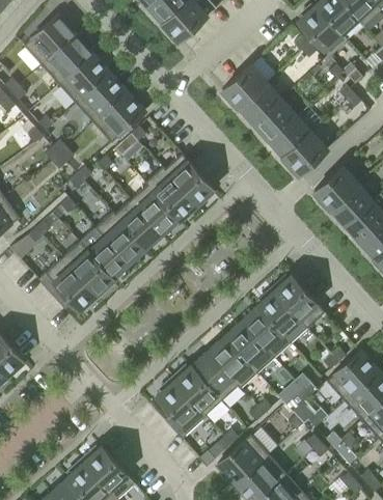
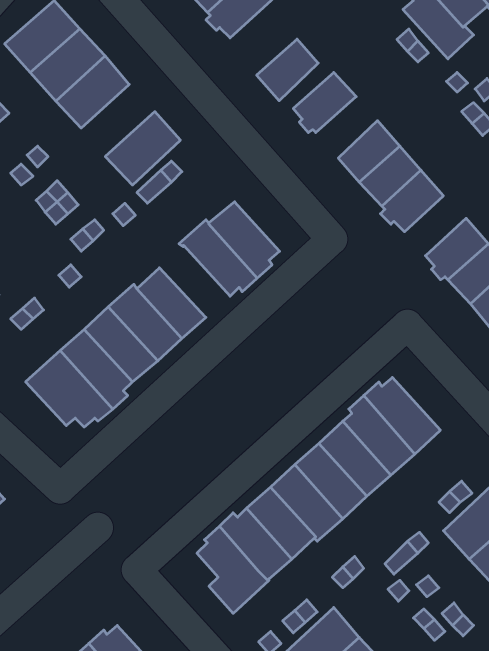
building: [76,73,127,122] -> none
building: [238,81,280,123] -> [257,39,318,101]
building: [130,184,179,233] -> none

